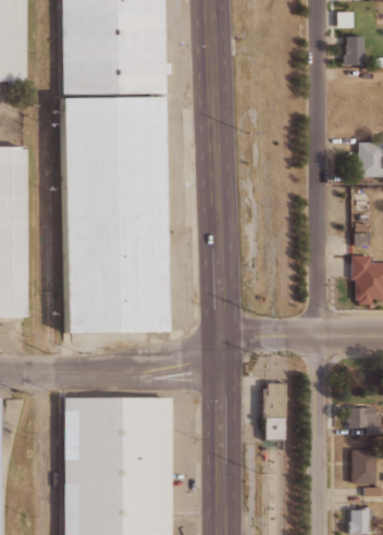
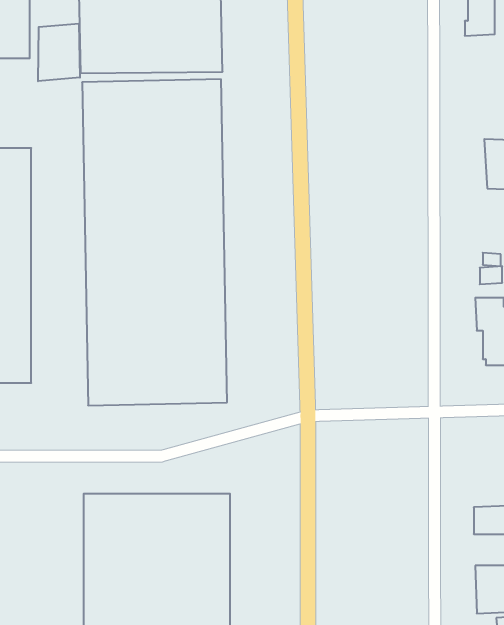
building: none -> [38,23,80,81]
building: [263,382,287,449] -> none

